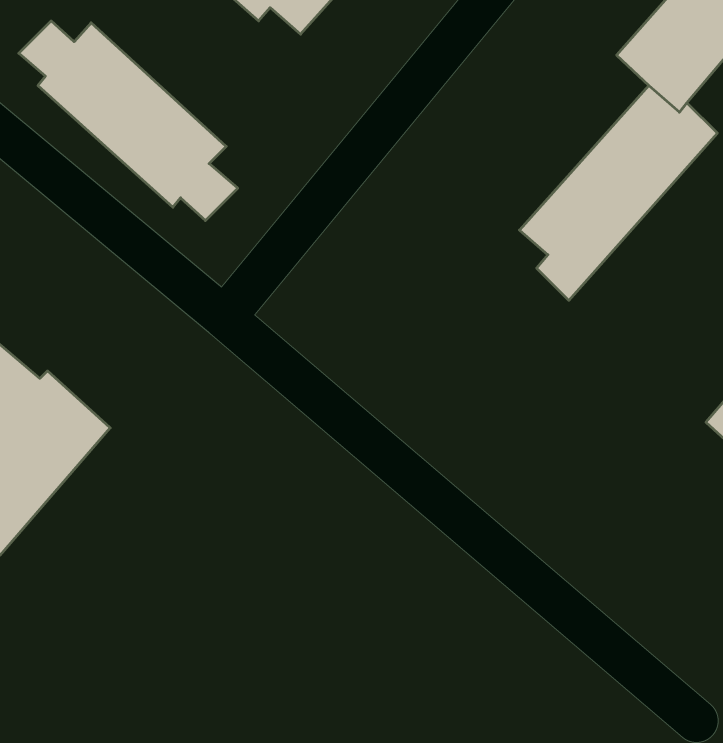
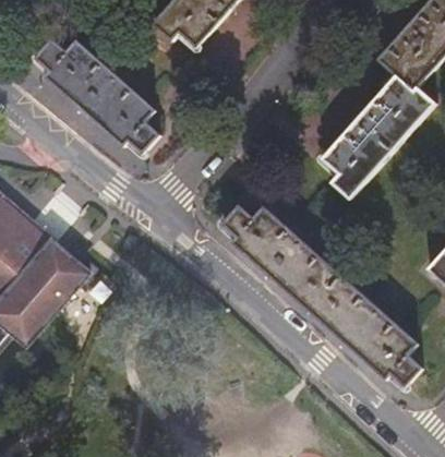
building: none -> [222,205,423,386]

